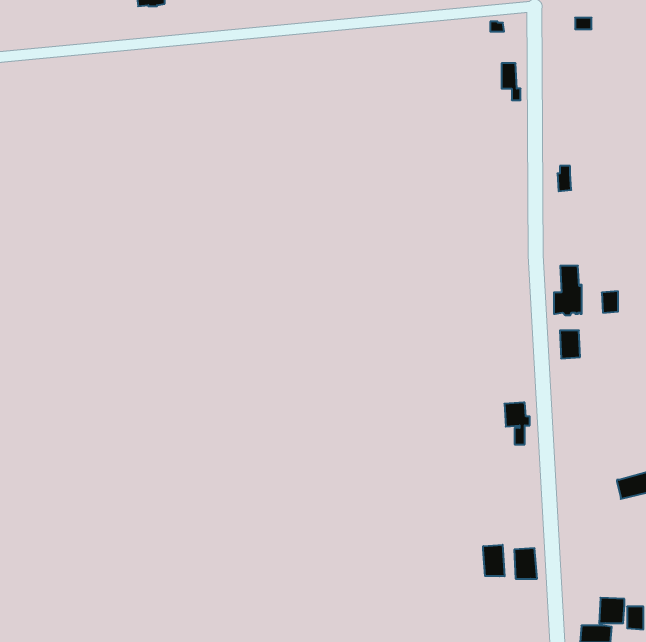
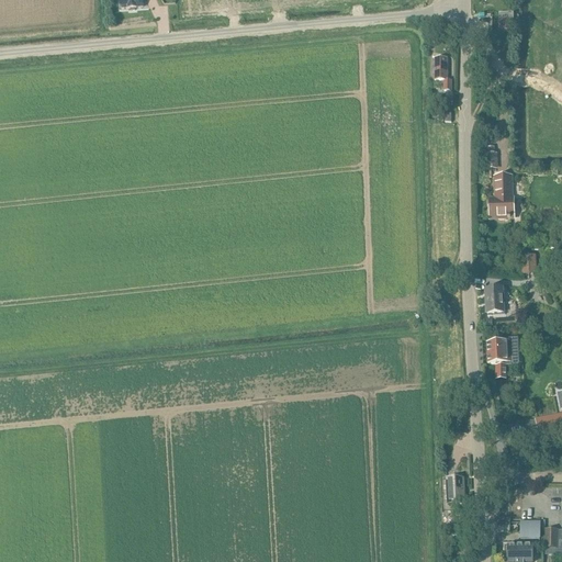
building: [554,266,582,315] -> [491,173,515,216]
building: [504,403,530,444] -> [488,339,510,375]
building: [483,545,505,576] -> none

